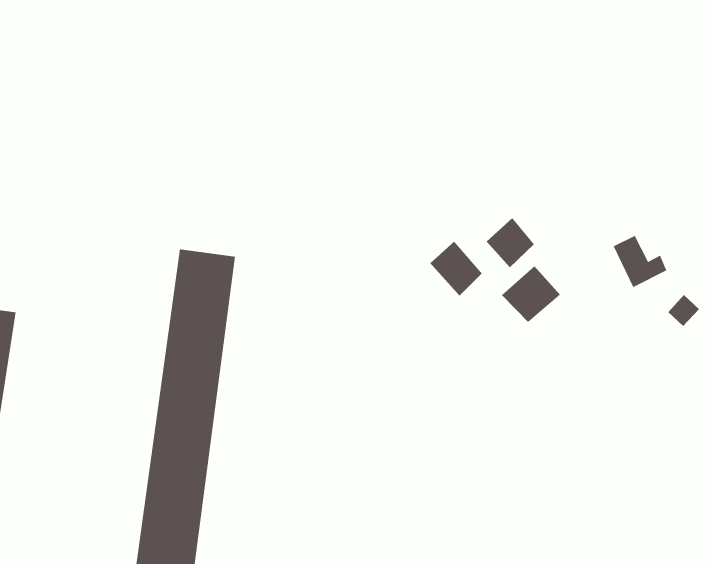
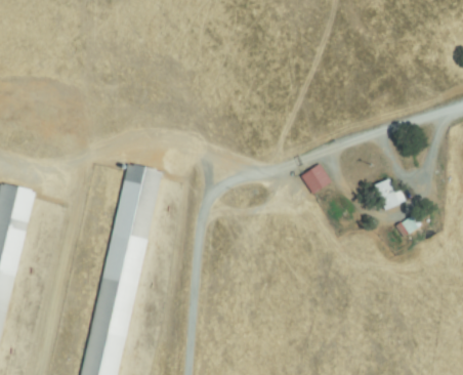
building: [429,241,482,297] -> none
building: [501,265,561,323] -> none

